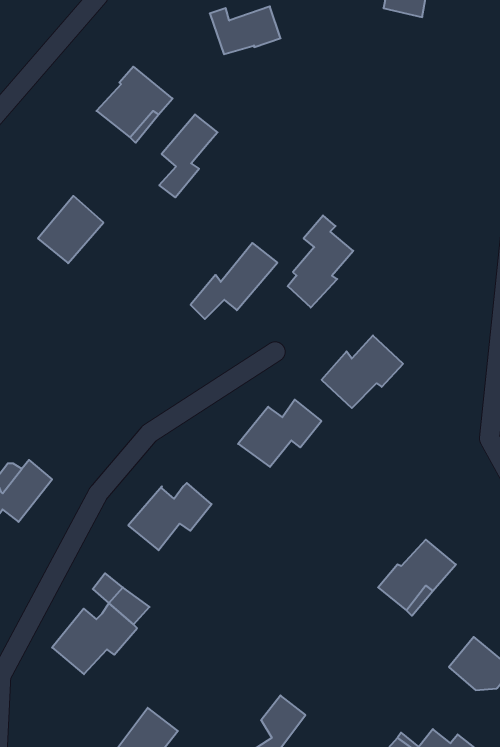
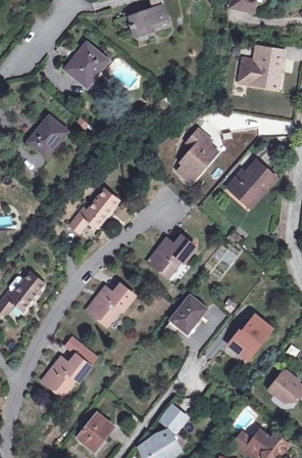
building: none -> [235,44,280,87]
building: [159,114,218,197] -> none
building: [191,243,277,319] -> [67,187,117,231]
building: [322,335,403,408] -> [228,163,274,204]
building: none -> [169,295,205,332]

